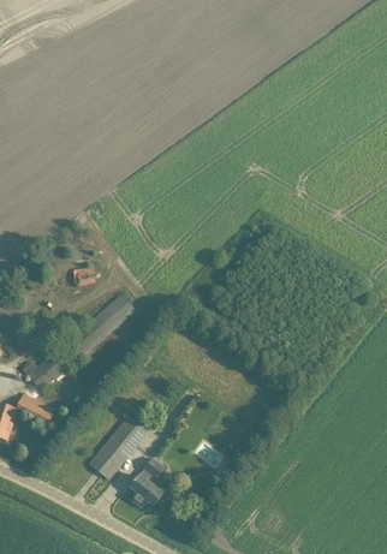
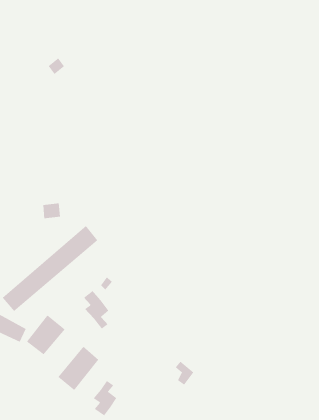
building: none -> [83,290,109,330]
building: none -> [26,315,65,355]

